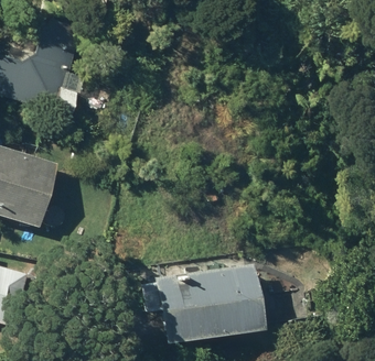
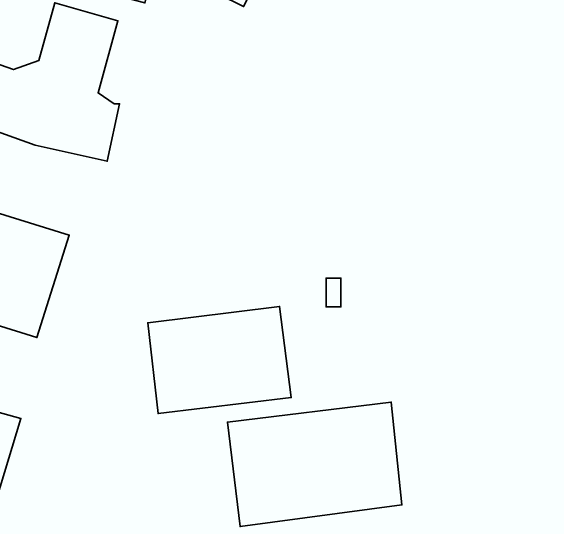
building: none -> [148,306,291,413]

